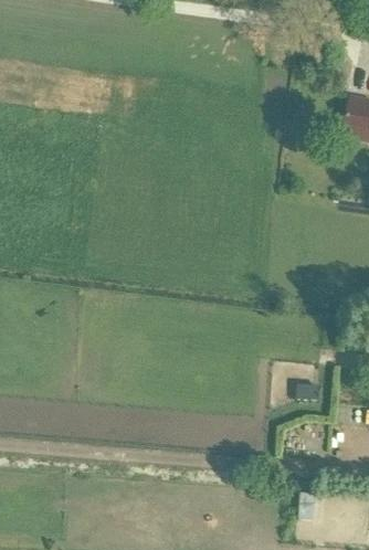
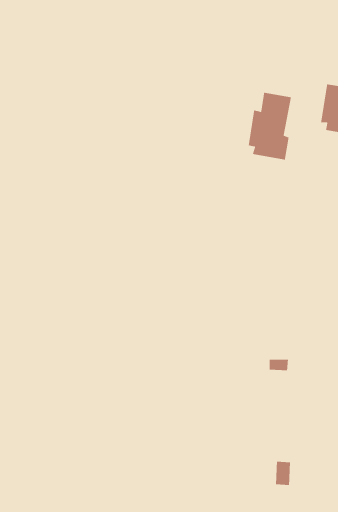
building: none -> [248,92,292,160]

